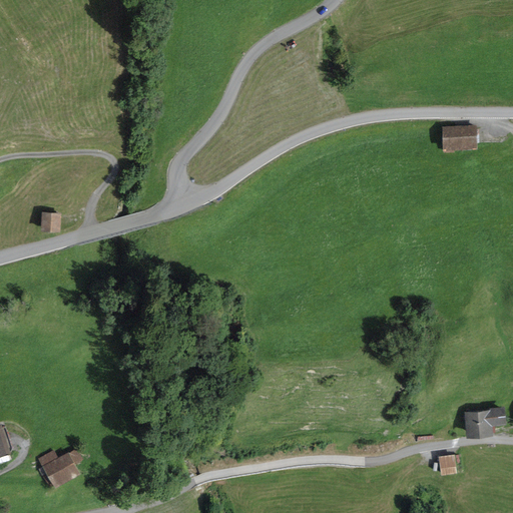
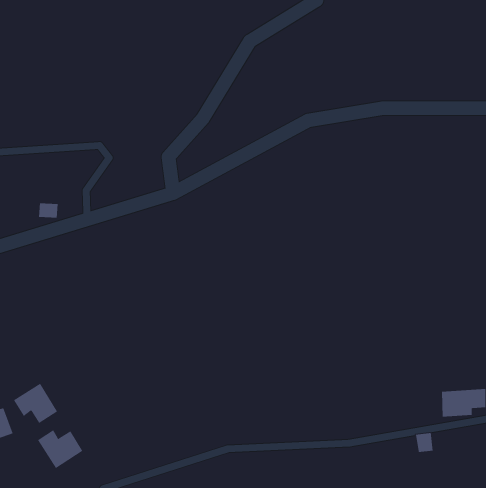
building: [440,125,474,148] -> none
building: none -> [13,383,58,424]

